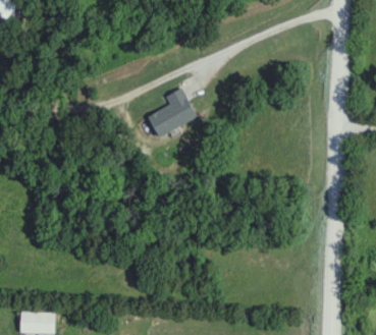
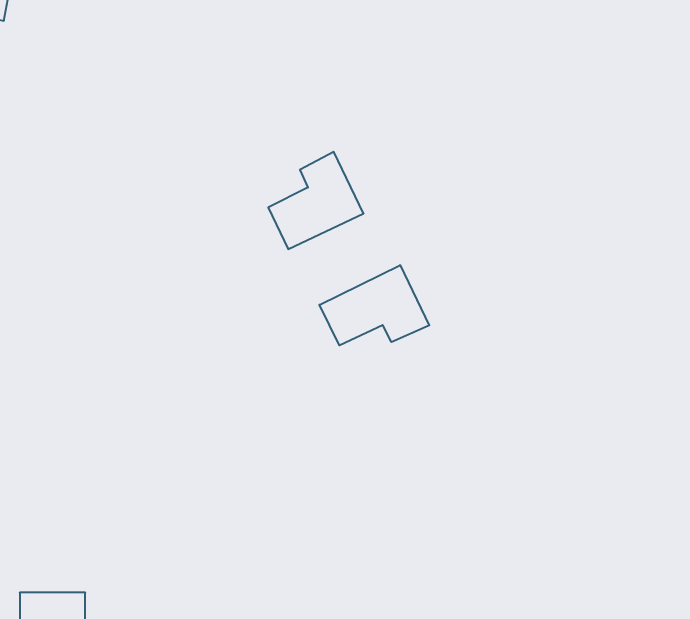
building: none -> [319,265,429,345]

